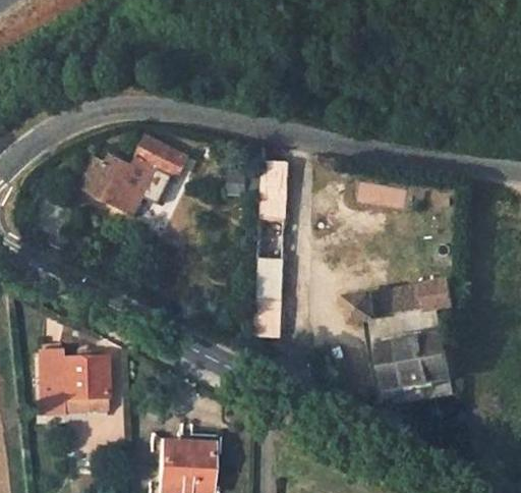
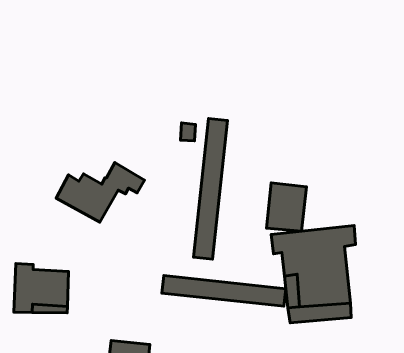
building: [80,138,187,212] -> [56,162,145,222]
building: none -> [266,183,306,231]
building: none -> [162,276,286,306]

